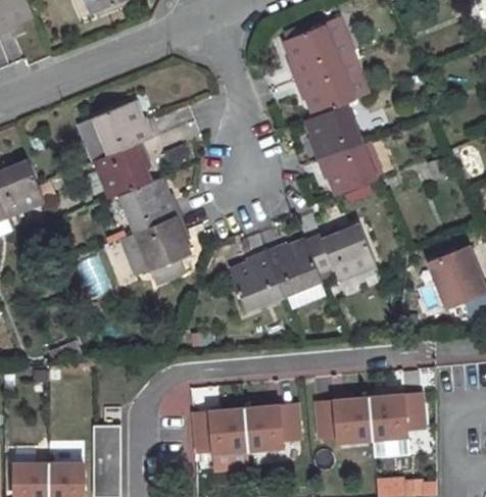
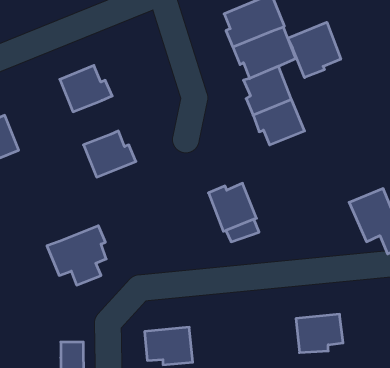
building: none -> [288,22,341,78]
building: [95,143,151,199] -> none
building: [120,214,190,284] -> [47,226,106,285]
building: [305,226,376,282] -> none
building: [230,251,283,311] -> none
building: [315,398,372,441] -> none
building: [243,404,298,449] -> none

